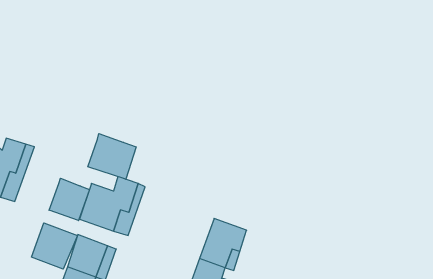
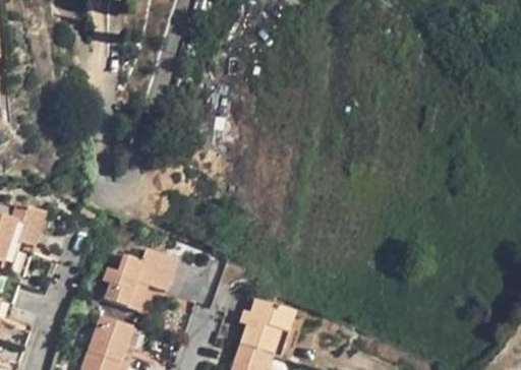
building: [88,134,136,179] -> none
building: [49,178,89,221] -> none
building: [31,223,78,269] -> none

